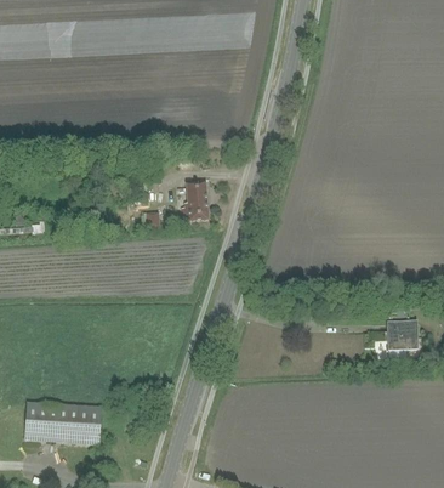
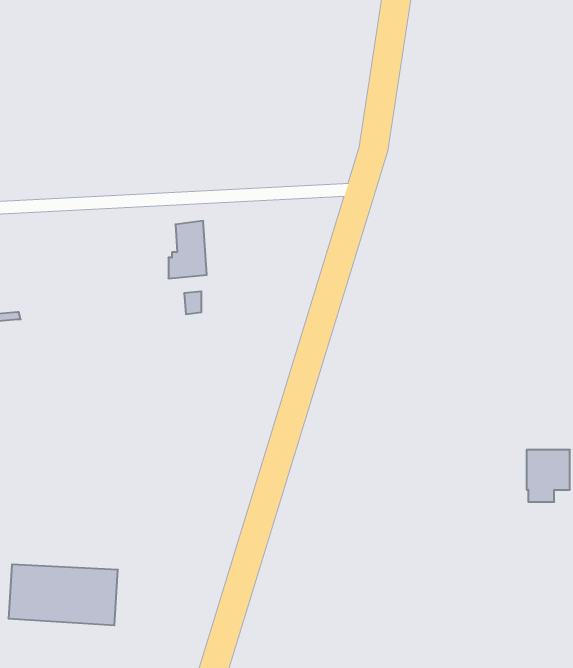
building: [182,181,209,221] -> [168,221,207,278]

